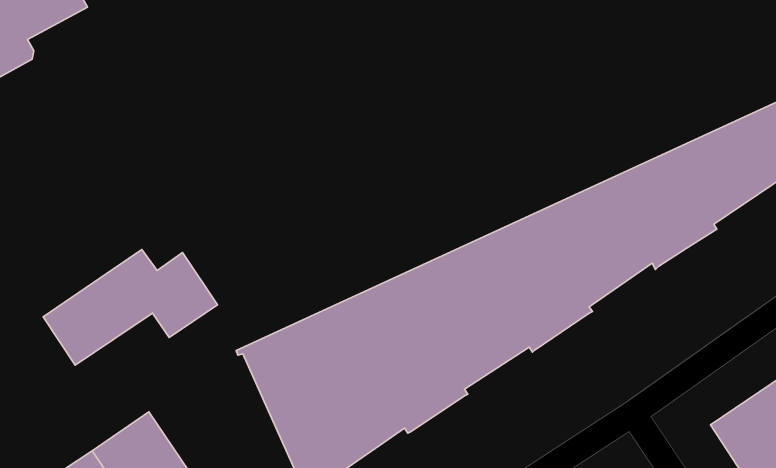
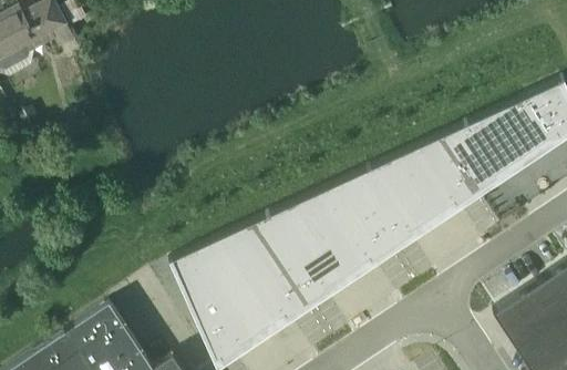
building: [43,250,218,365] -> none

